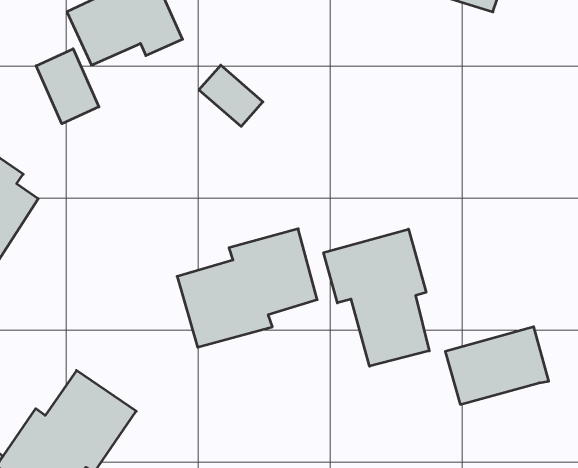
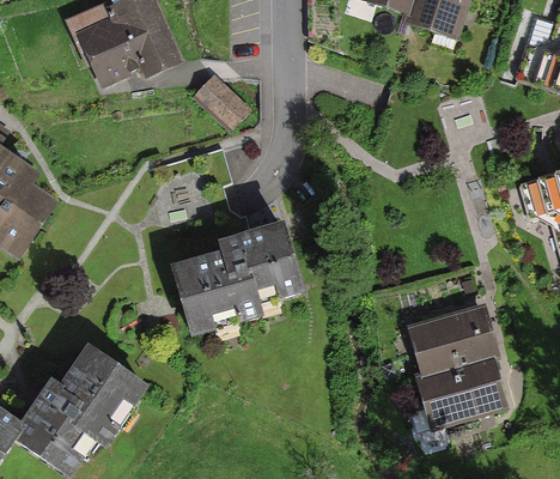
building: [36,49,99,124] -> none
building: [324,229,429,366] -> none
building: none -> [415,358,506,428]

